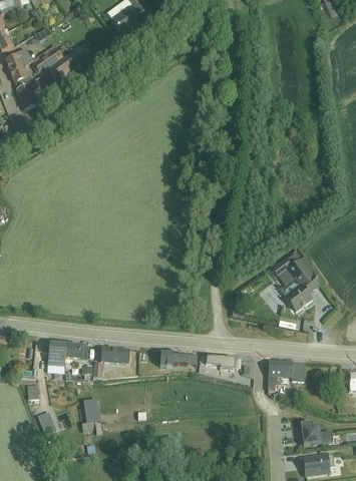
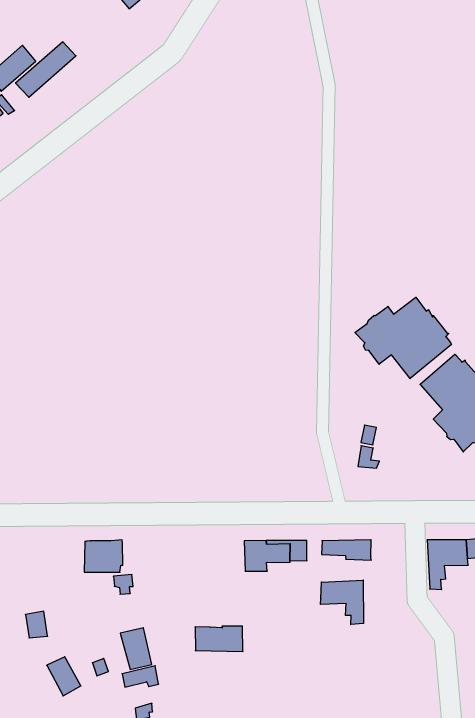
building: none -> [355,297,451,379]
building: [47,342,66,373] -> none
building: [100,347,129,364] -> [195,626,243,651]
building: none -> [321,580,363,625]

